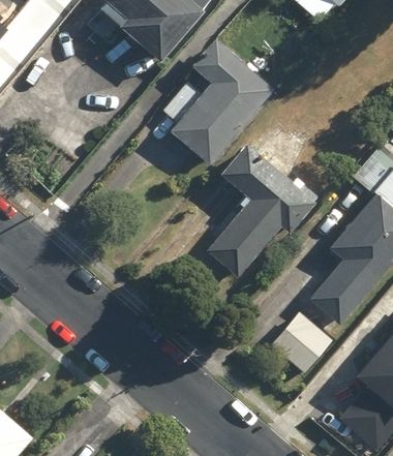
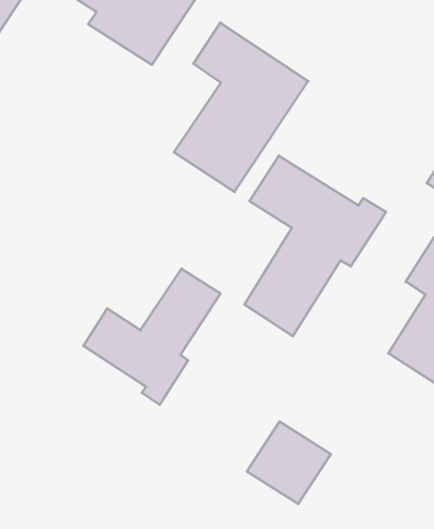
building: none -> [83,269,220,405]
building: [270,309,334,372] -> [247,422,331,504]

